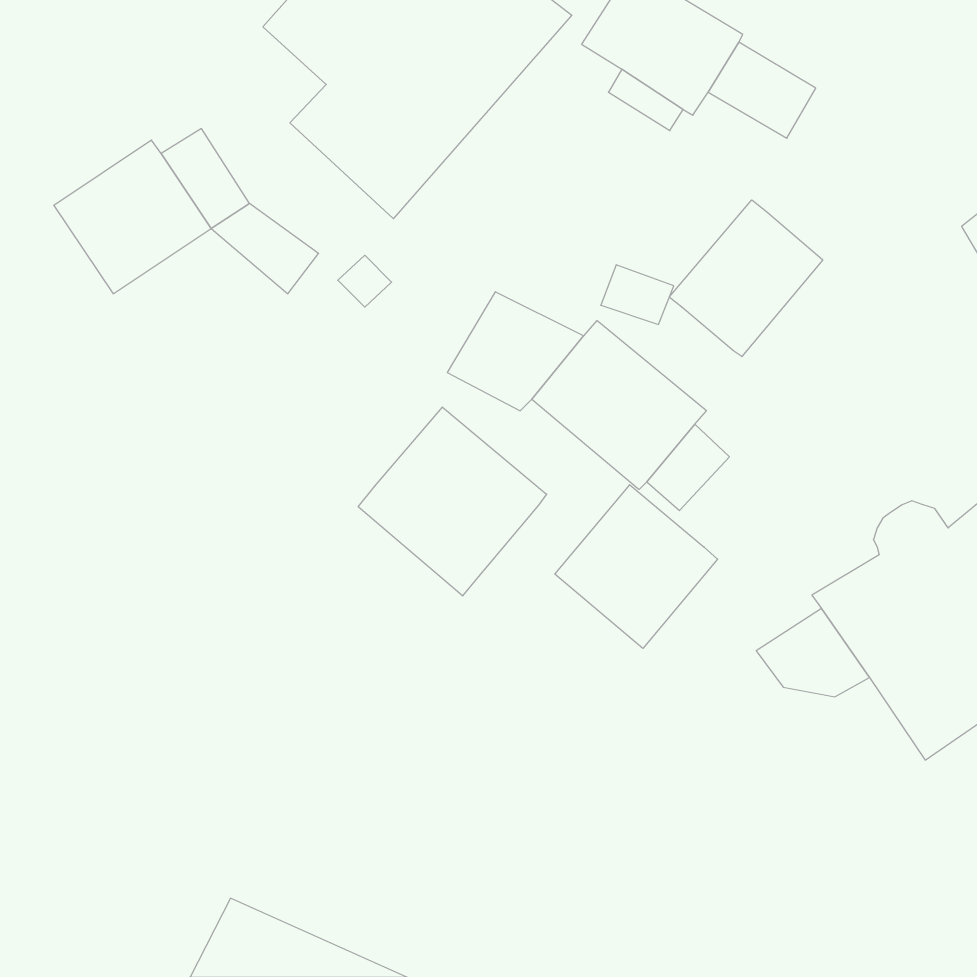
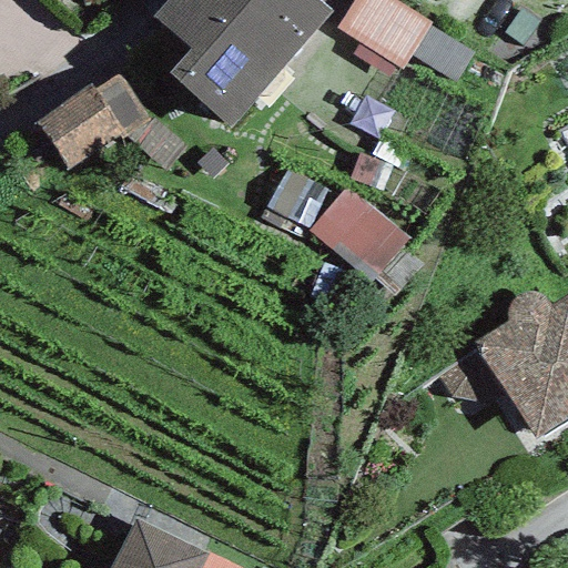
building: [669,200,823,357] -> none
building: [358,407,547,596] -> none
building: [555,485,718,648] -> none

